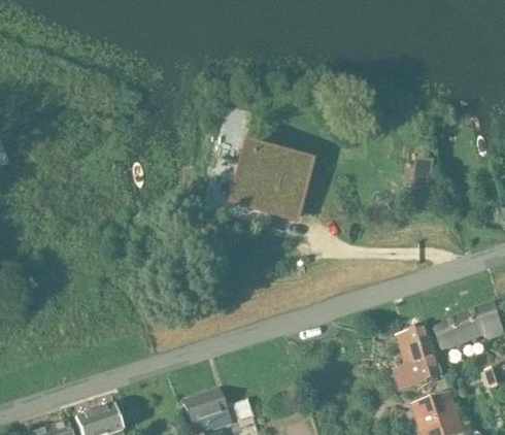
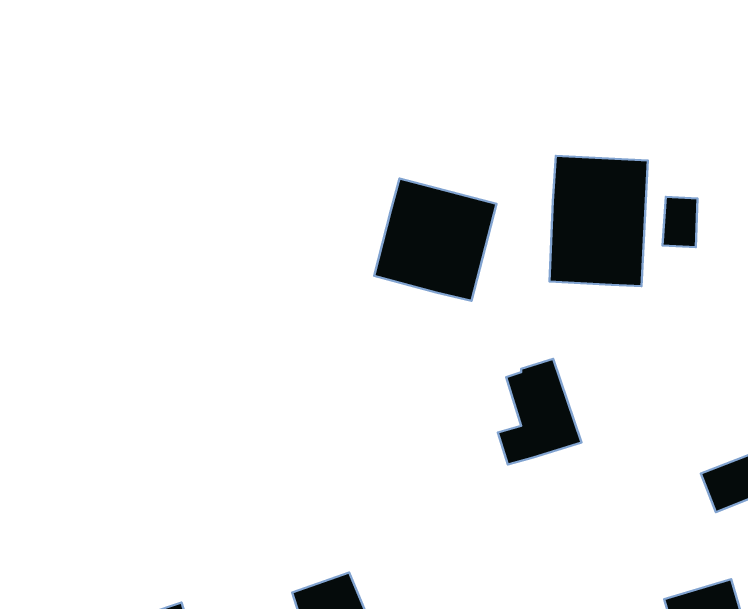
building: none -> [550,156,648,286]
building: [392,324,443,389] -> [498,359,582,464]

